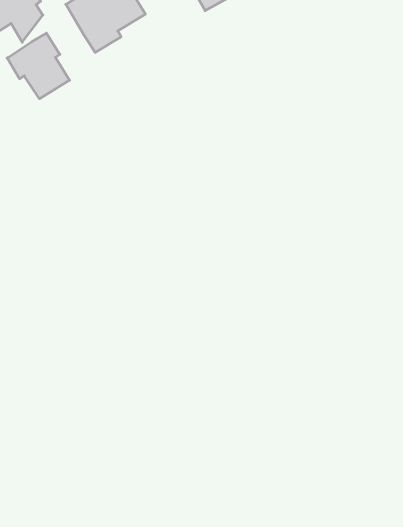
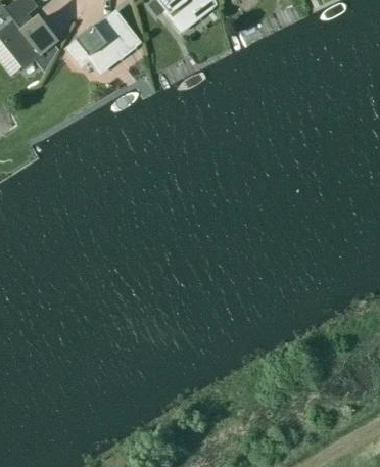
building: [7,33,70,99] -> none

